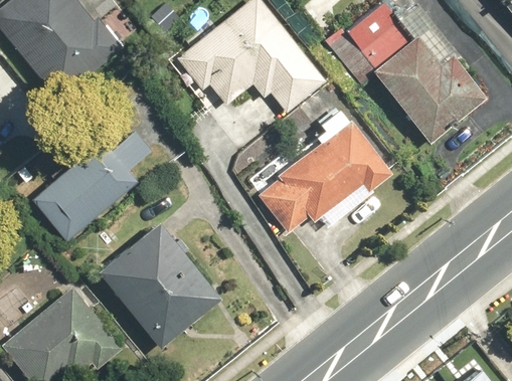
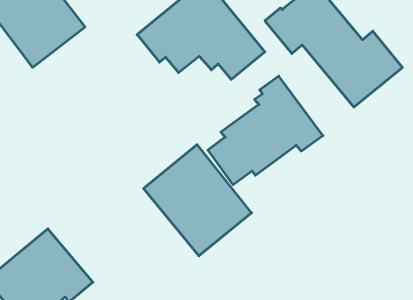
building: [31,138,143,244] -> none
building: [96,219,221,349] -> [144,145,252,256]

